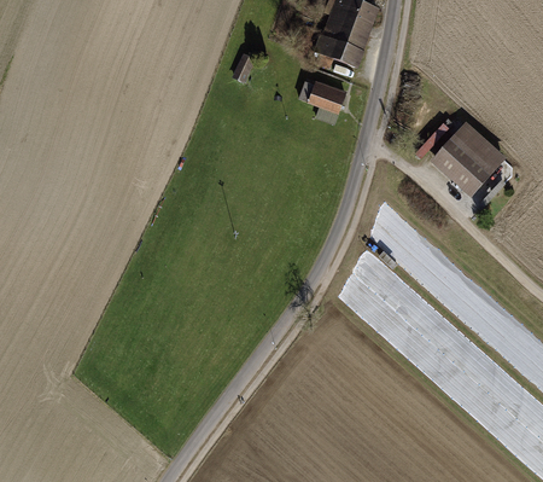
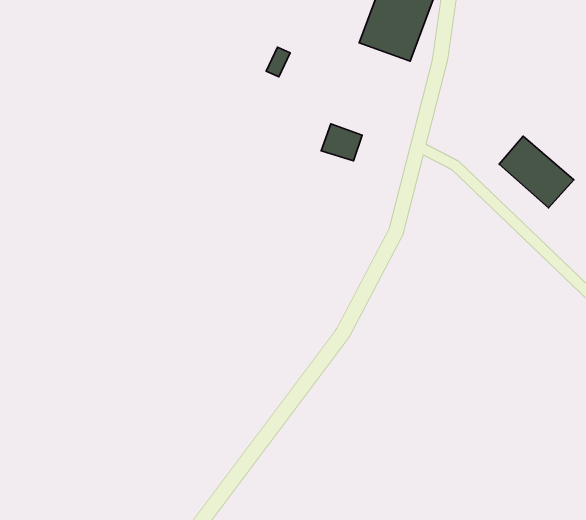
building: [309,80,344,111] -> [321,124,362,161]

